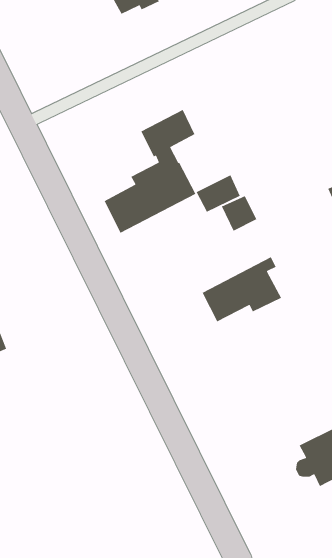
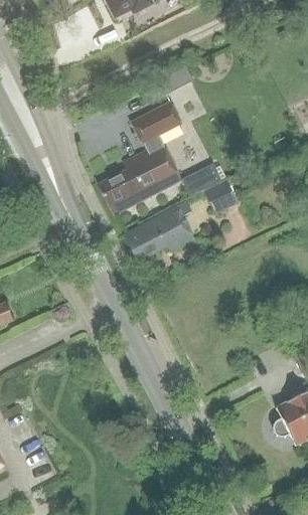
building: [201,256,282,322] -> [124,200,197,261]

